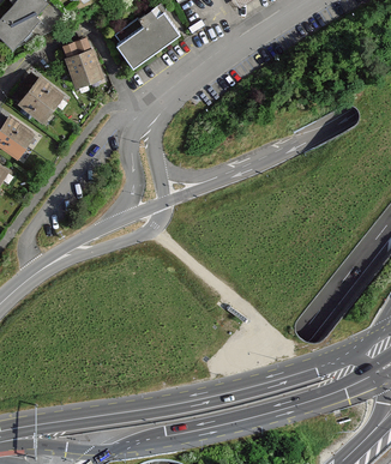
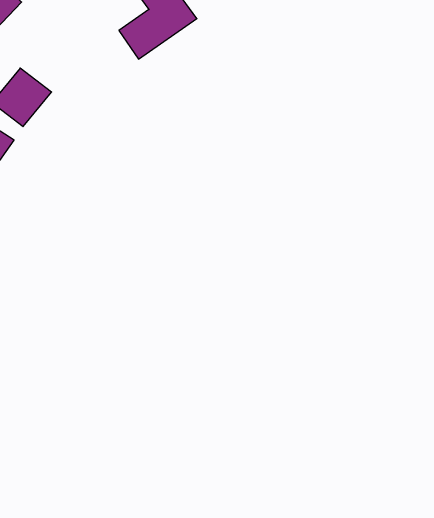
building: [61,37,104,90] -> none

